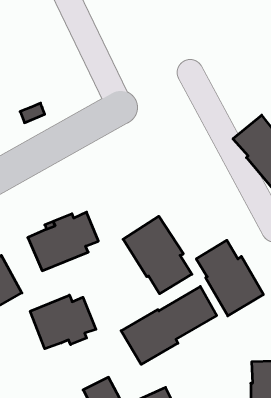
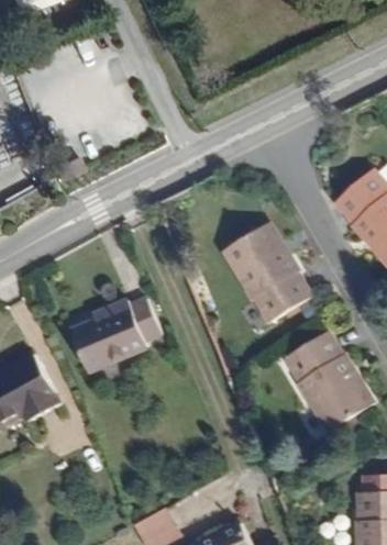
building: [123,216,192,294] -> [222,221,311,321]
building: [121,286,217,364] -> none
building: [30,295,96,349] -> none

